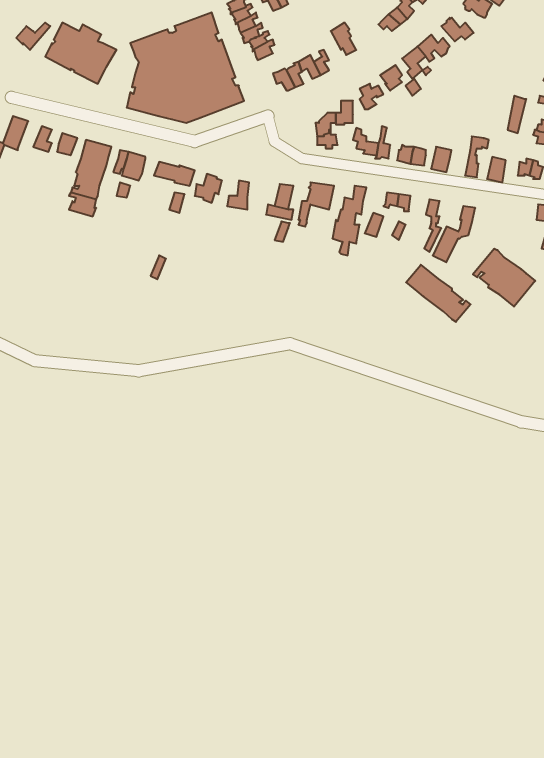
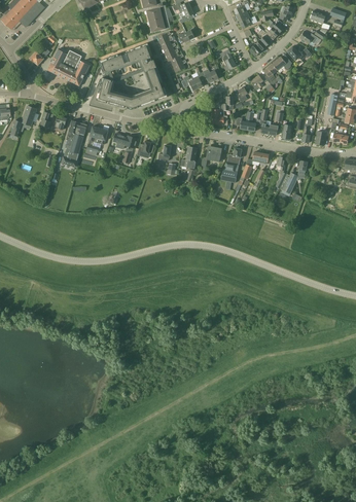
building: [473,249,535,307] -> none
building: [406,265,471,322] -> none

